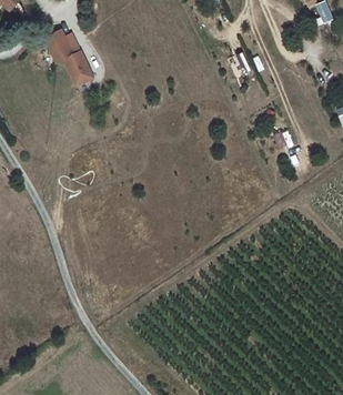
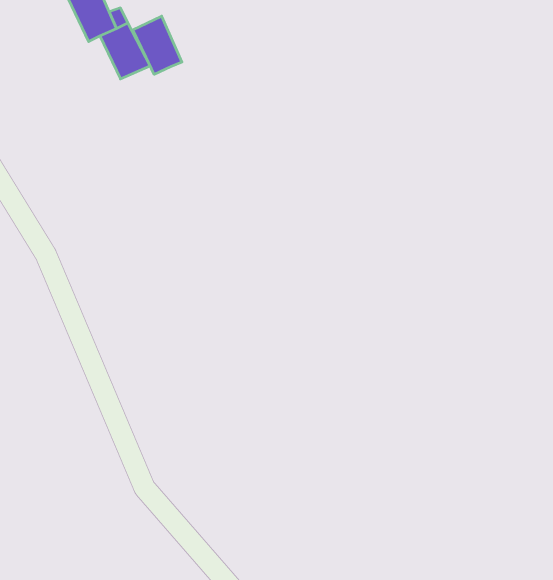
building: none -> [133,16,182,74]

